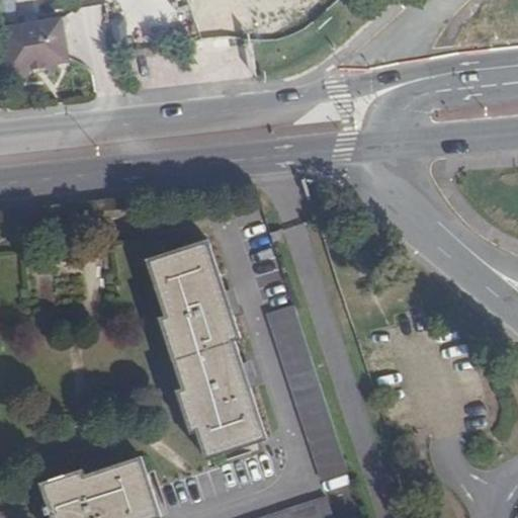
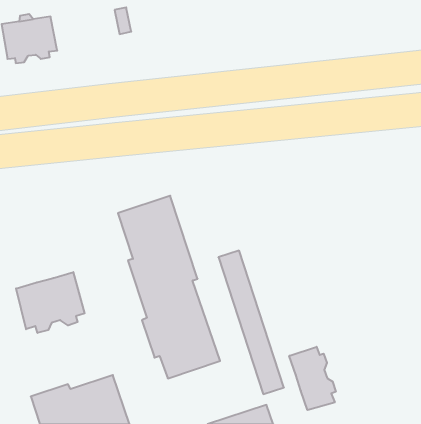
building: none -> [16,272,85,333]
building: none -> [289,347,336,410]

